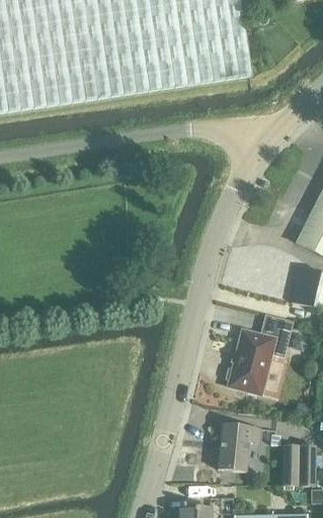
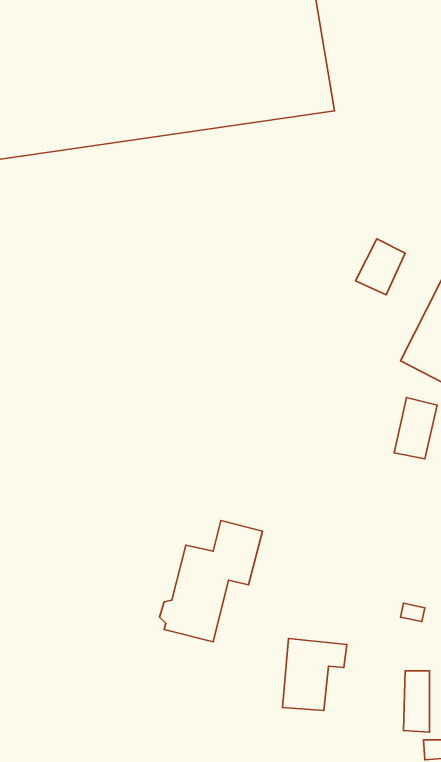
building: none -> [356,239,405,295]
building: [225,314,293,394] -> [160,520,262,642]
building: [281,445,299,485] -> none

